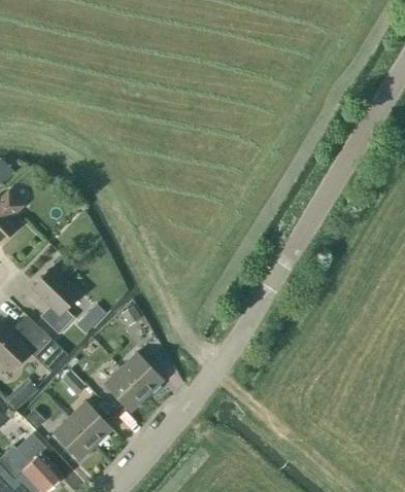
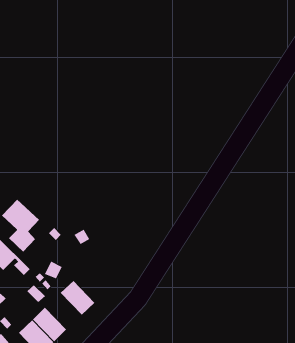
building: [121,353,164,396] -> none

